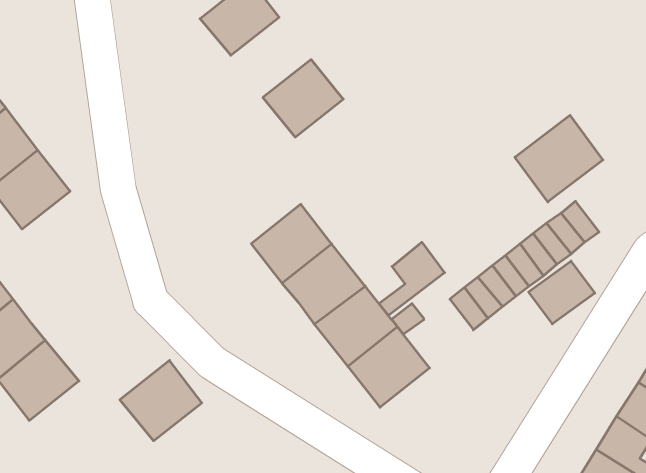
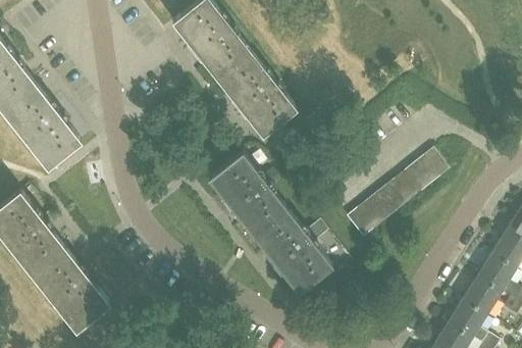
building: none -> [193,21,249,78]
building: none -> [238,79,296,137]
building: [515,115,603,202] -> none
building: [379,242,445,315] -> none
building: [529,261,595,324] -> none
building: [120,360,202,441] -> [52,276,109,332]

